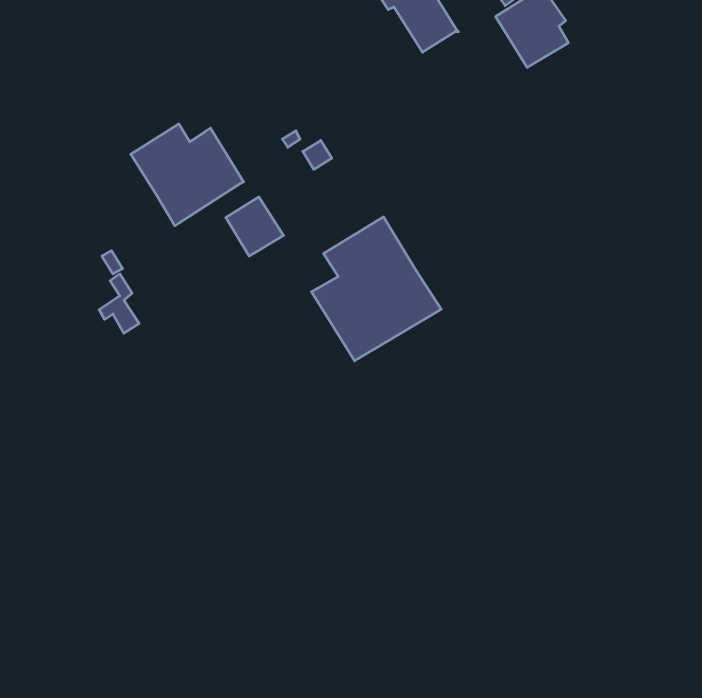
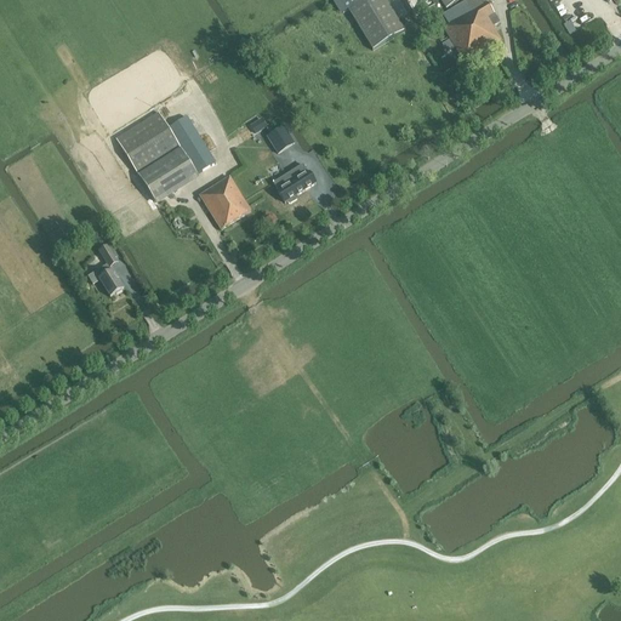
building: none -> [273,160,315,199]
building: [311,217,441,361] -> none

